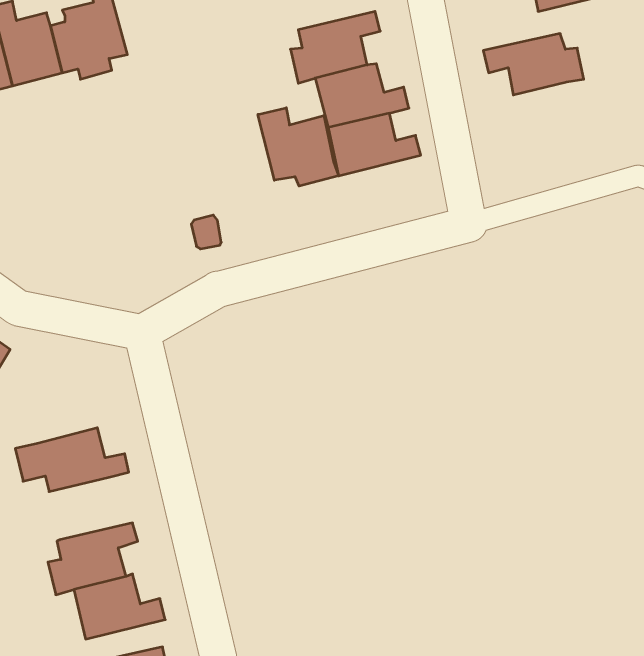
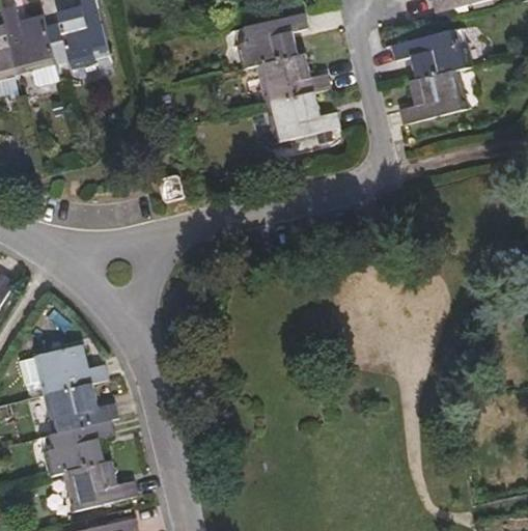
building: none -> [399,68,467,124]
building: [258,108,339,186] -> none
building: none -> [45,383,118,432]

